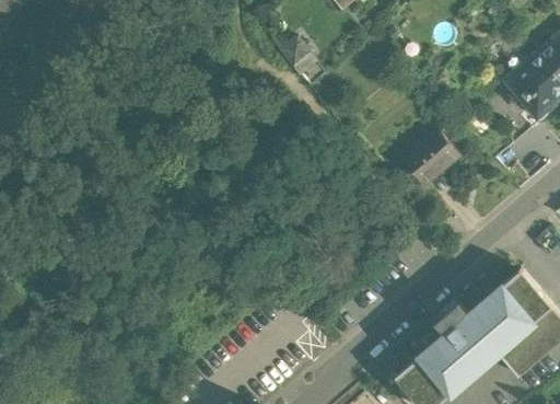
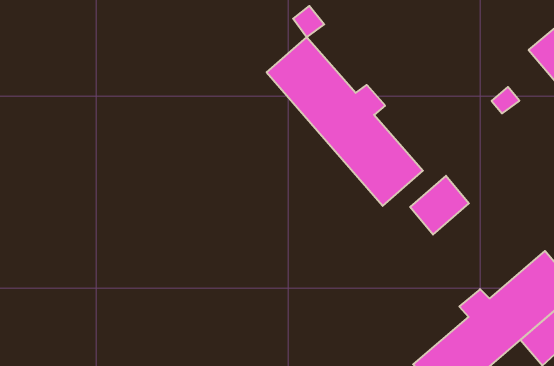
building: none -> [267,37,423,206]
building: [401,130,457,186] -> [410,176,469,235]

